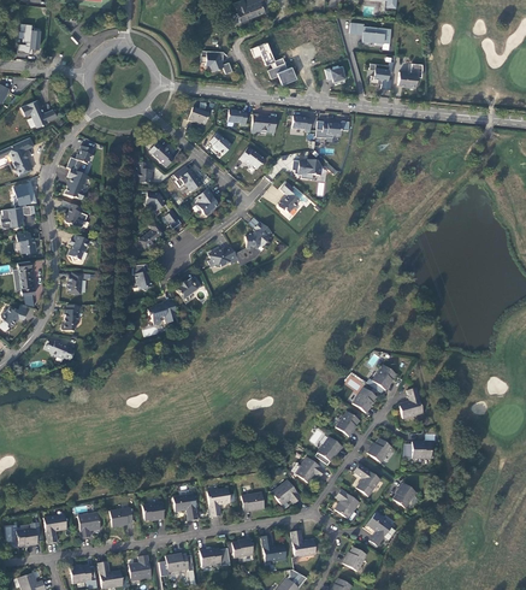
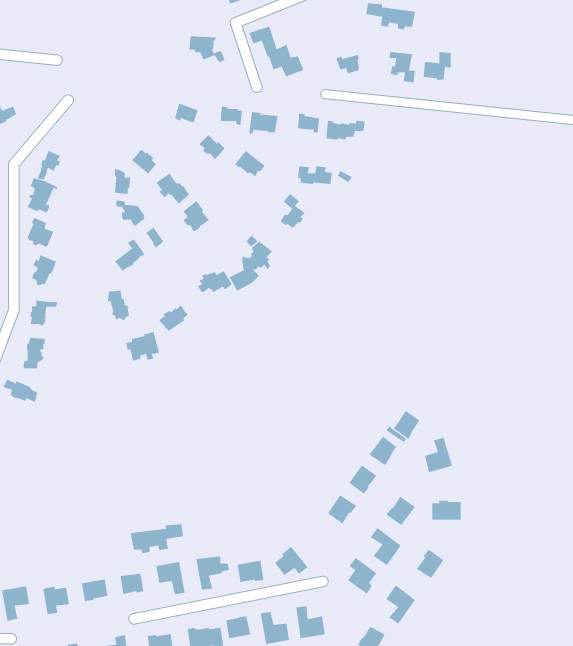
building: [289,456,326,483] -> none
building: none -> [130,524,184,554]

